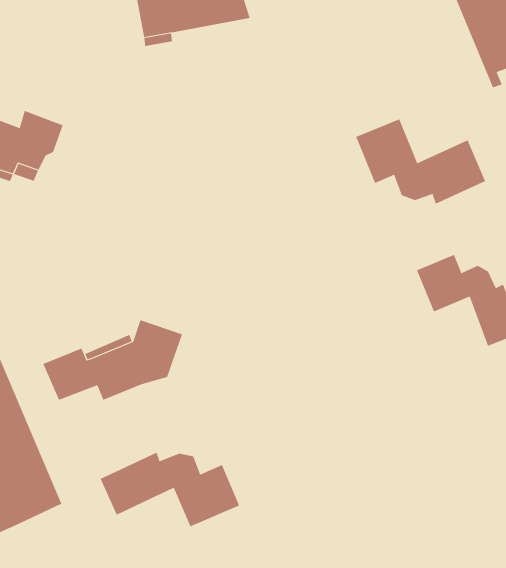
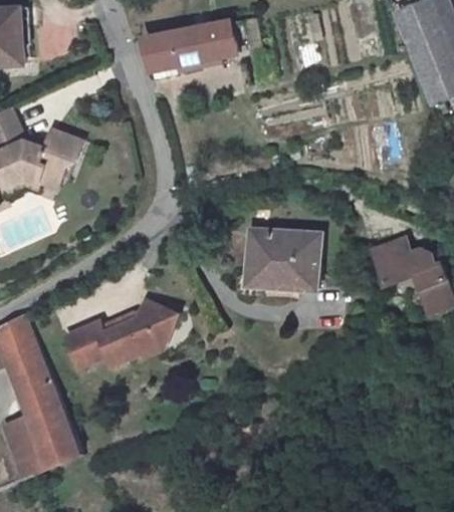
building: [356,118,486,204] -> none
building: none -> [243,227,313,288]
building: [100,452,240,527] -> none

